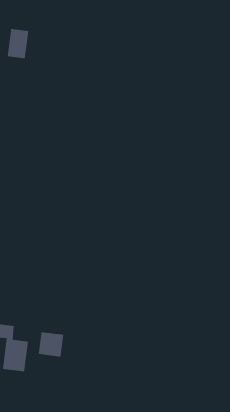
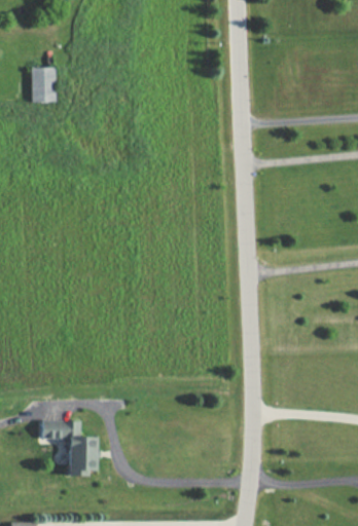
building: [38,331,64,357] -> none

